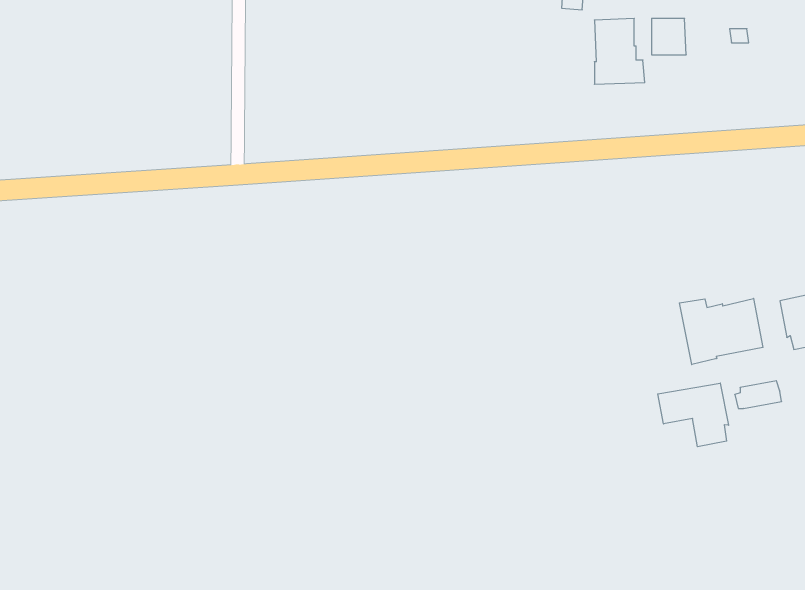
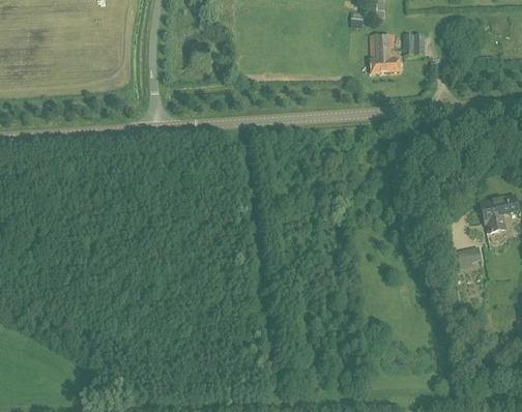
building: [679,298,763,365] -> none
building: [658,383,729,447] -> none

